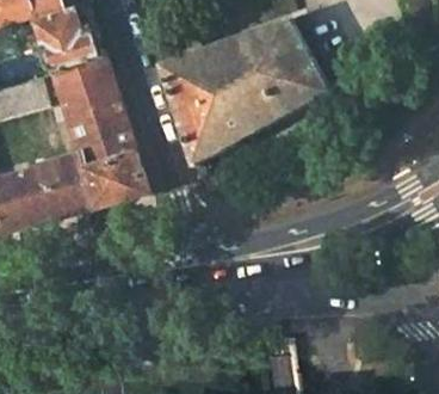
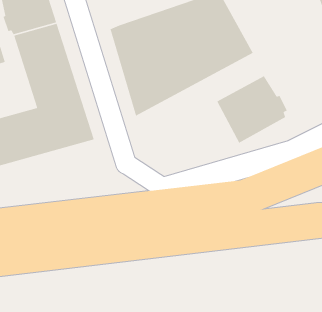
building: none -> [216,75,288,144]

